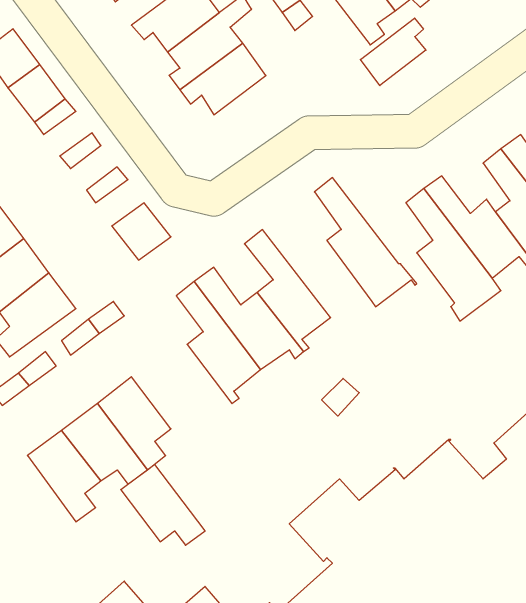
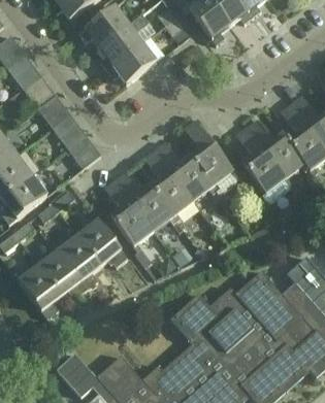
building: [360,18,426,86] -> none
building: none -> [154,141,217,200]
building: [121,465,205,545] -> [78,220,127,266]

